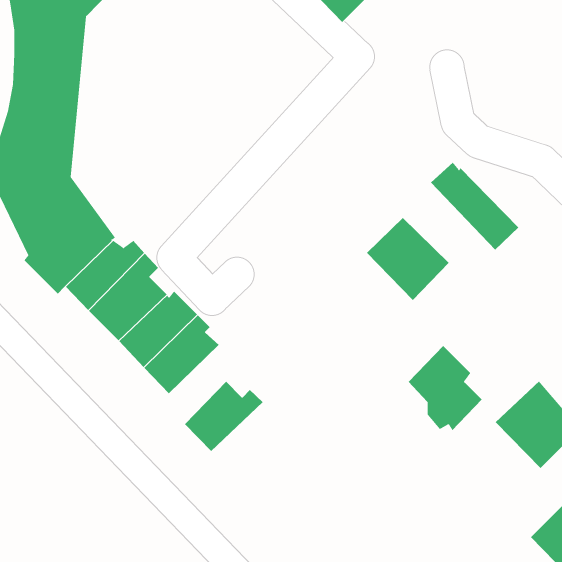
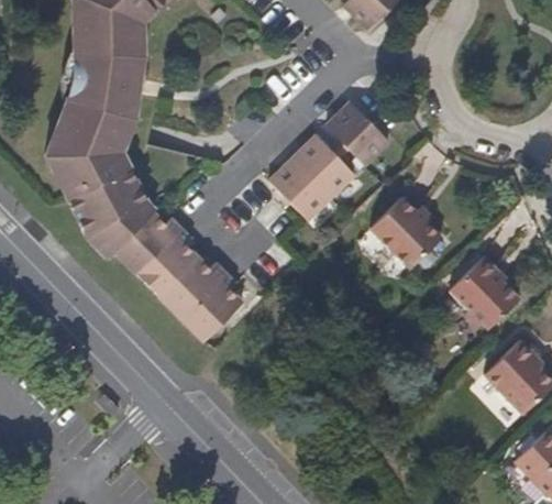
building: none -> [274,102,395,221]
building: [430,162,519,251] -> none
building: [408,345,482,431] -> [459,259,523,333]
building: [184,381,264,452] -> none

